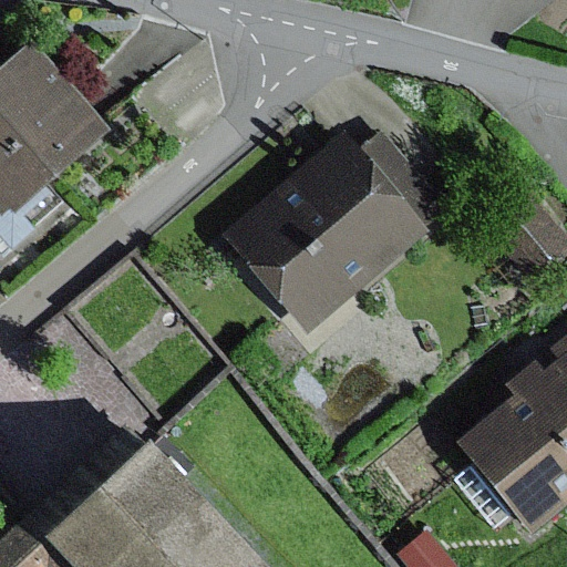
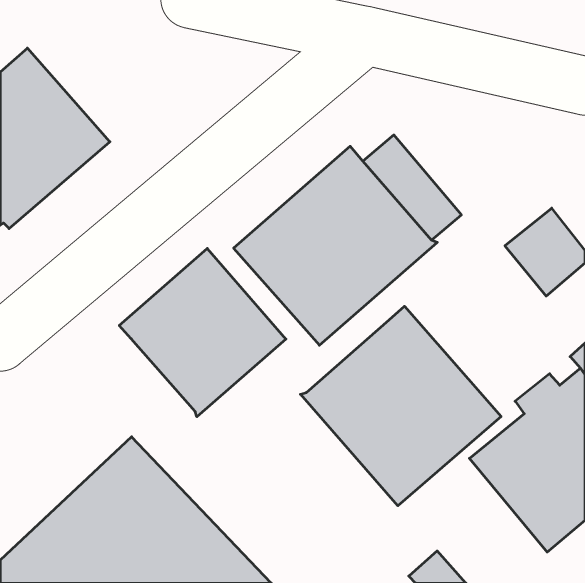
building: none -> [119,248,286,417]
building: none -> [300,306,501,506]

